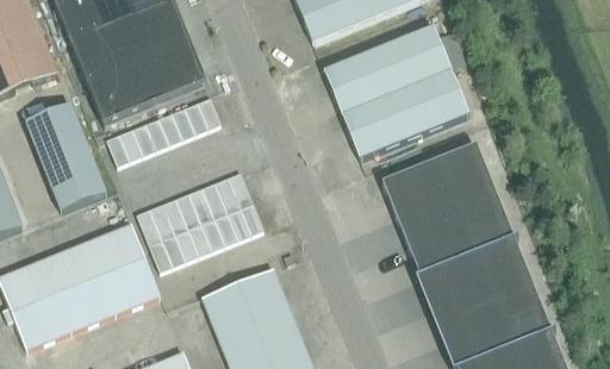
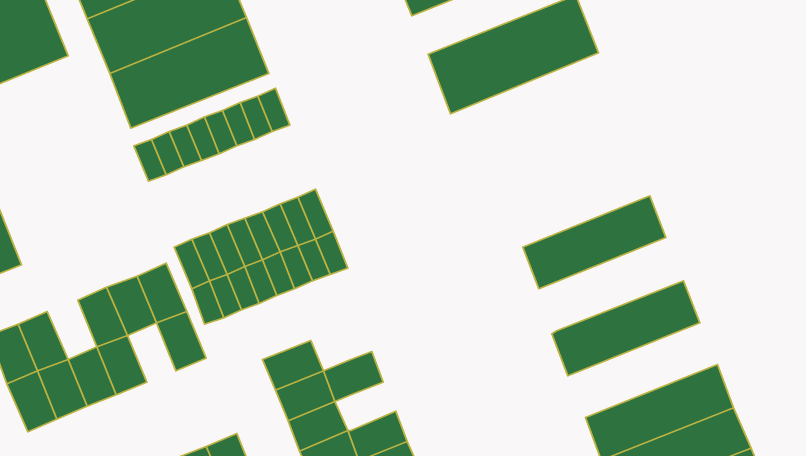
building: [341,69,468,157] -> none
building: [26,104,106,211] -> none
building: [381,144,488,213] -> none
building: [406,206,513,275] -> none
building: [42,252,79,296] -> none
building: [237,268,282,305] -> none
building: [101,269,137,313] -> none
building: [428,269,539,339] -> none
building: [255,313,300,349] -> none

